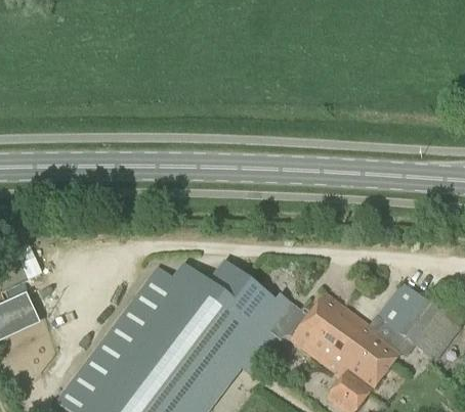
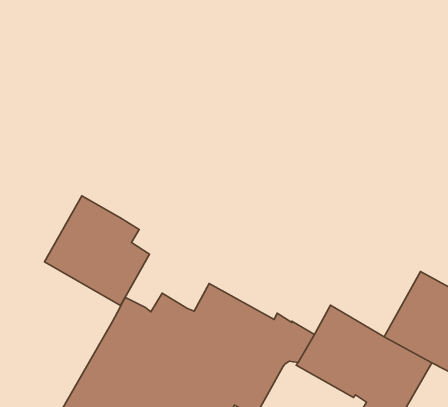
building: none -> [45,196,150,305]

